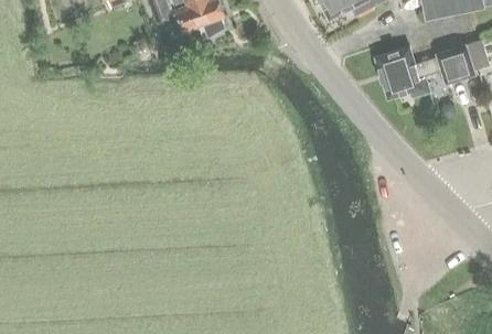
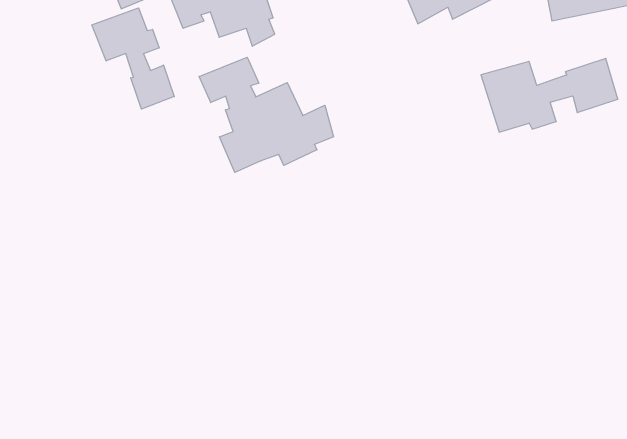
building: none -> [92,8,174,109]
building: none -> [199,57,334,172]

